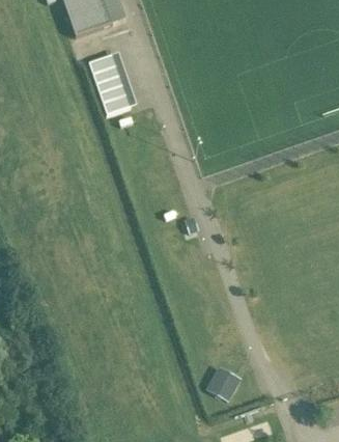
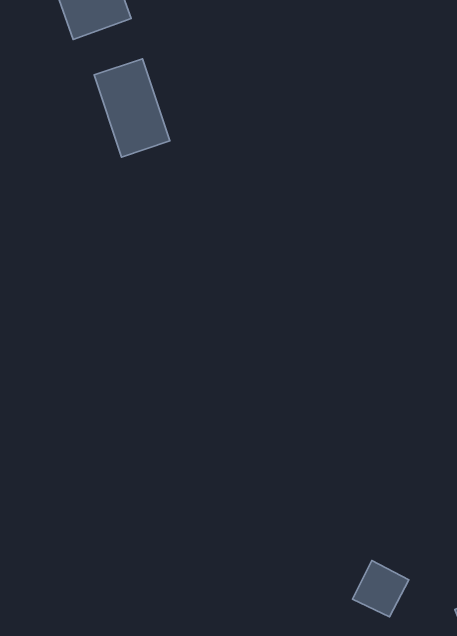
building: [205,364,242,400] -> [352,561,409,617]

